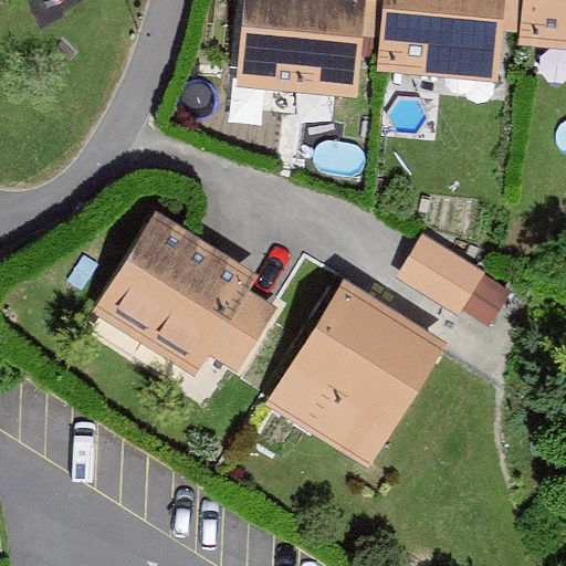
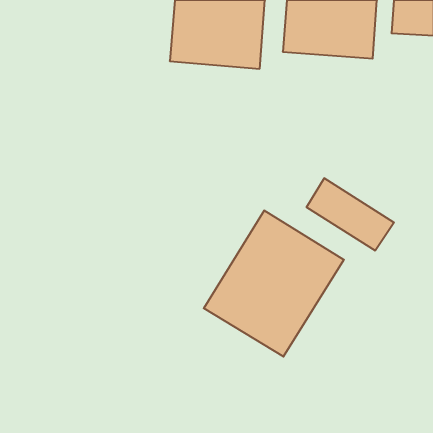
building: [93,207,279,374] -> none

